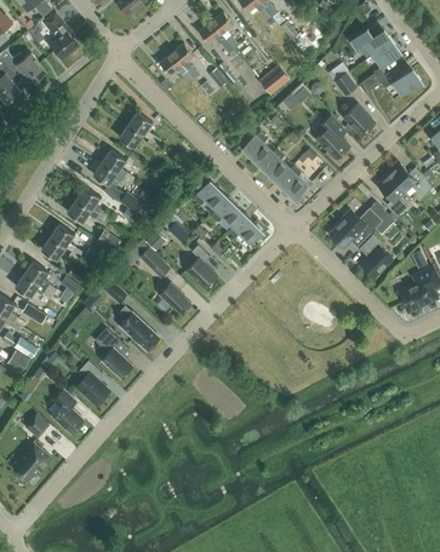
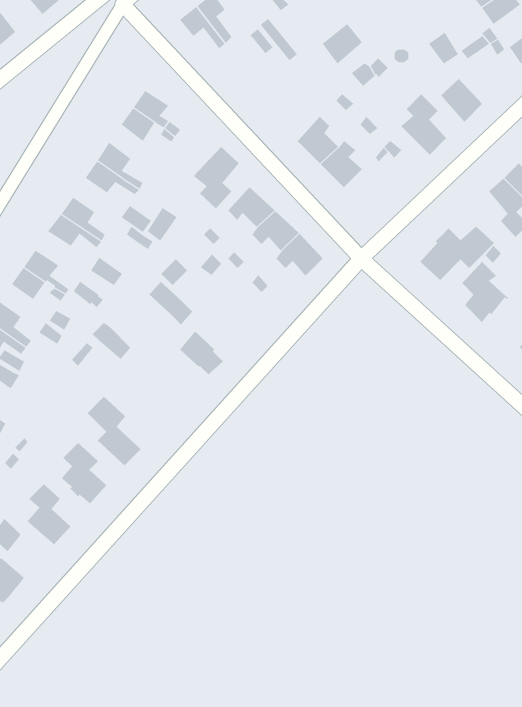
building: none -> [193,146,240,209]
building: [276,165,308,199] -> none
building: [185,245,218,289] -> none
building: [120,306,160,350] -> none

